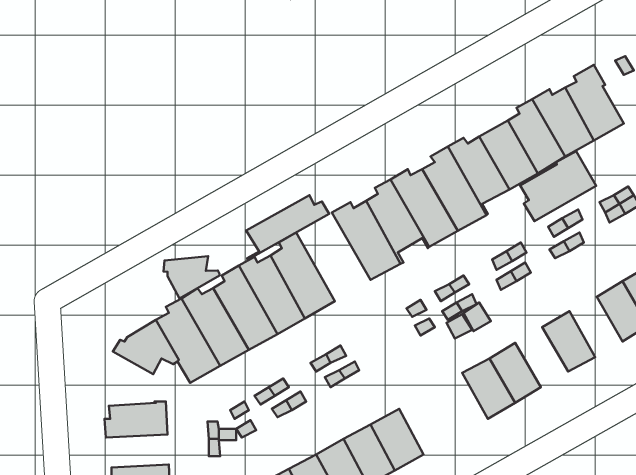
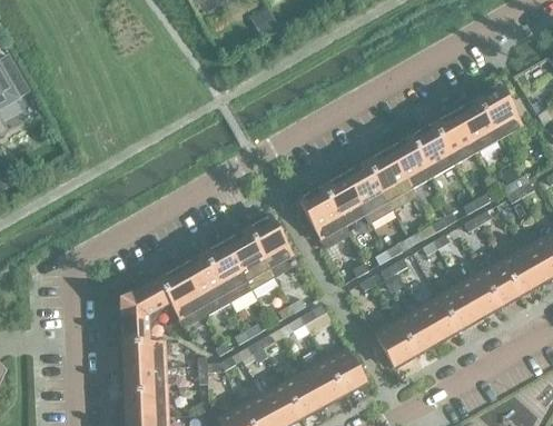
building: [520,151,596,221] -> none
building: [246,195,329,260] -> none
building: [164,256,220,299] -> none
building: none -> [480,260,521,307]
building: none -> [437,284,478,330]
building: none -> [119,303,158,345]
building: none -> [374,319,416,367]
building: none -> [119,367,168,393]

